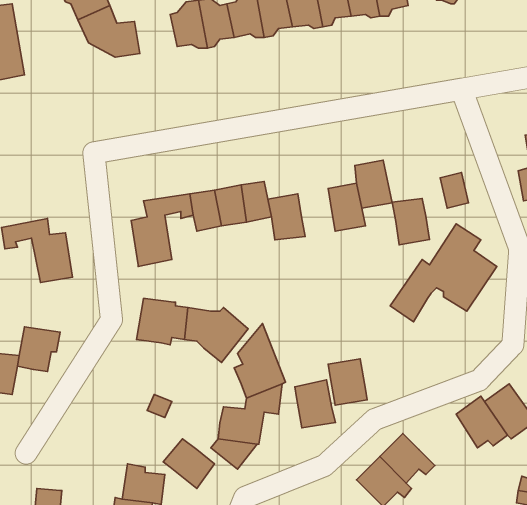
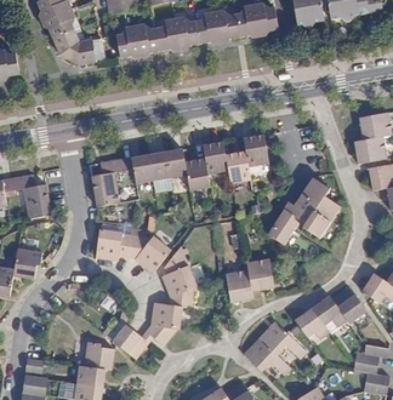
building: [392,198,429,245] -> [201,141,227,172]
building: [295,380,336,428] -> [245,257,273,290]
building: none -> [295,307,330,342]

